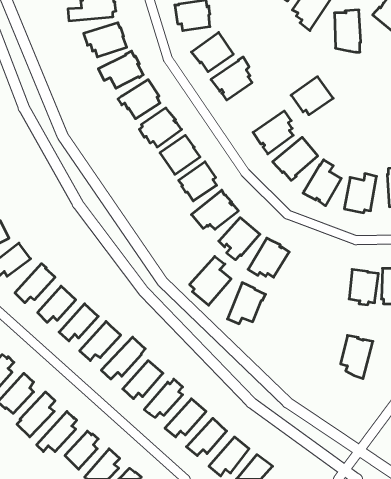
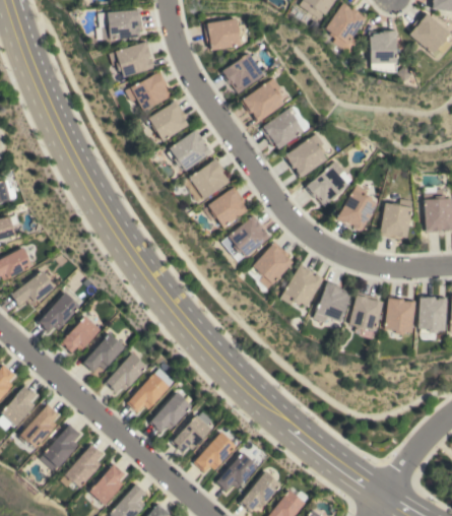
building: [291,77,333,115] -> [261,109,305,148]
building: [190,256,231,305] -> none
building: [227,283,266,324] -> [313,280,352,323]
building: [341,335,373,379] -> [349,295,383,339]

